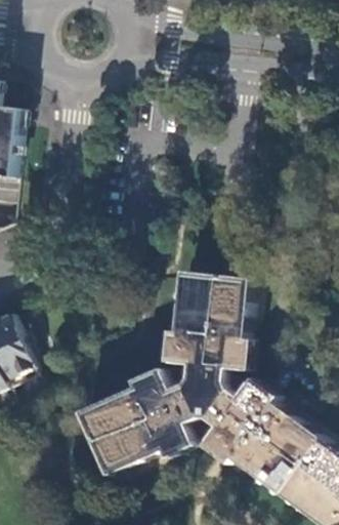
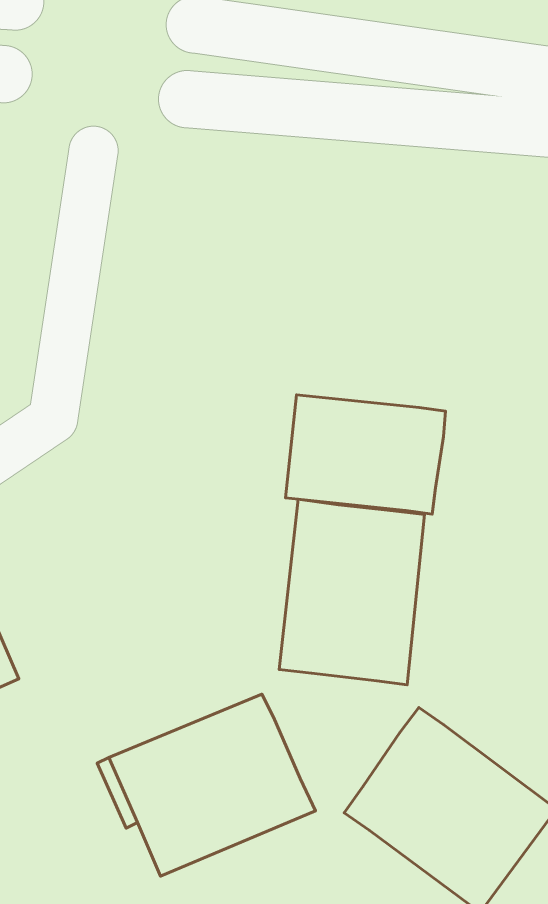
building: none -> [285,395,446,514]
building: [169,365,237,426] -> none

